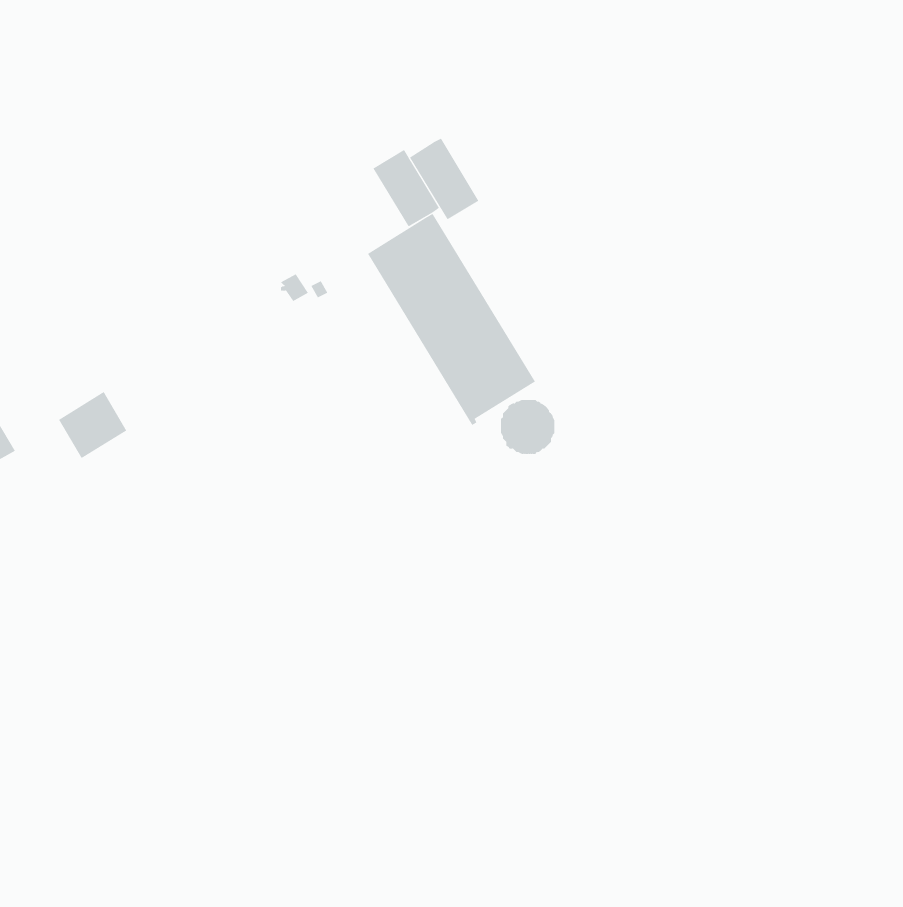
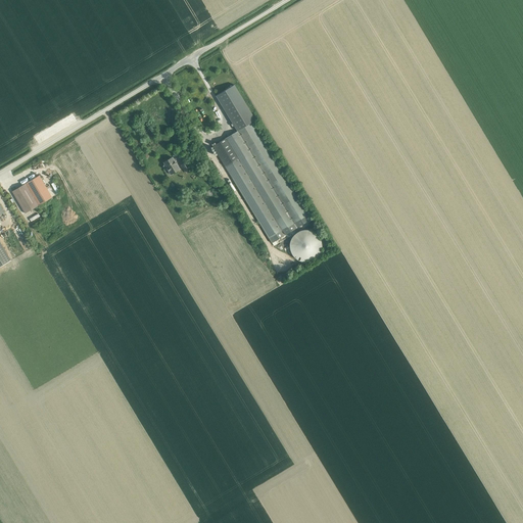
building: [409,138,479,220] -> none
building: [58,391,127,459] -> [10,175,50,213]

